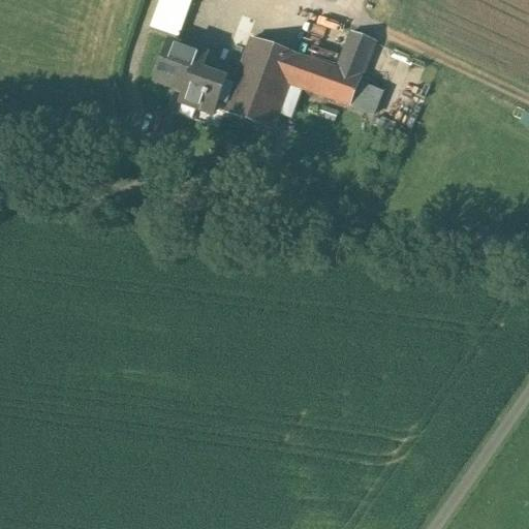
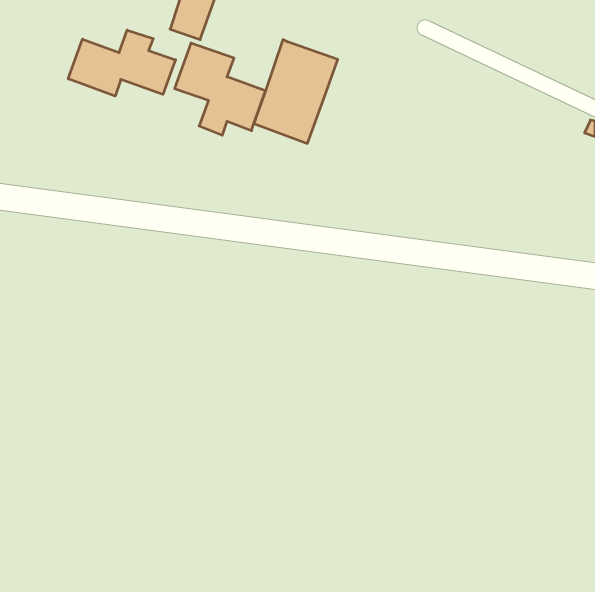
building: none -> [68,30,176,96]
building: [289,29,381,111] -> none

